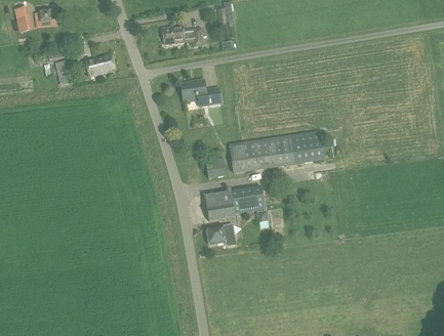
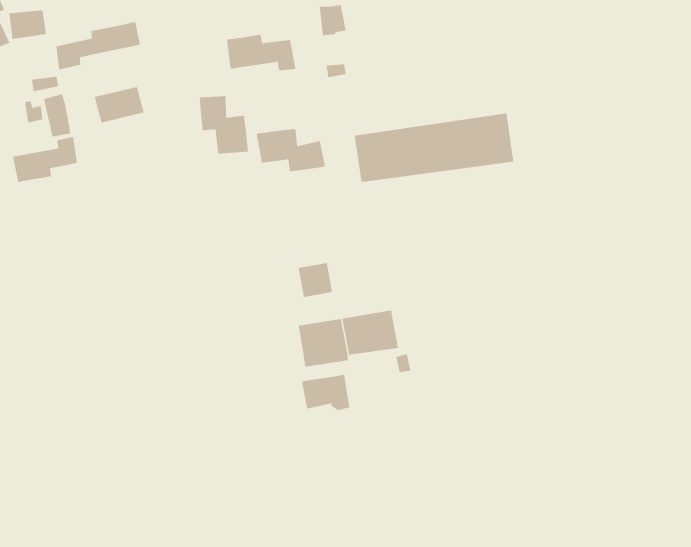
building: none -> [56,21,141,70]
building: none -> [199,95,248,154]
building: none -> [12,136,77,183]
building: [229,131,323,172] -> [354,113,514,183]

